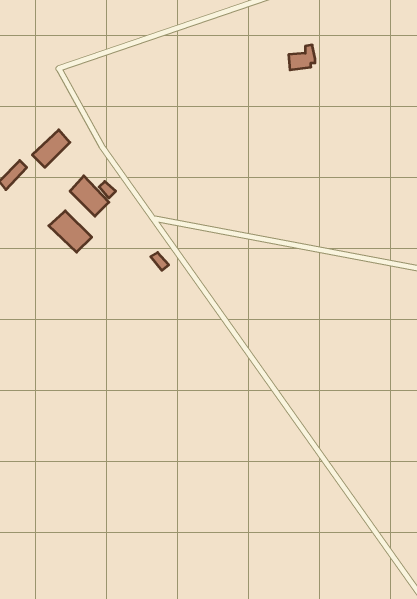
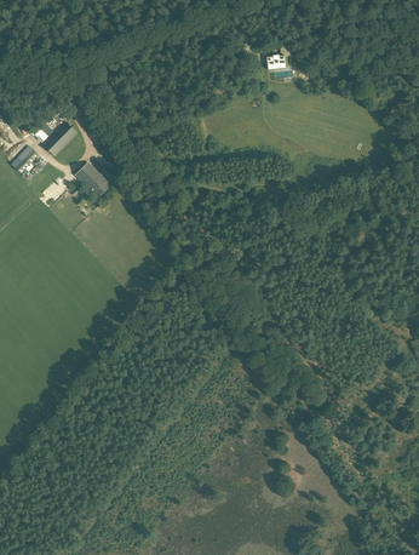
building: [49,211,92,252] -> none

